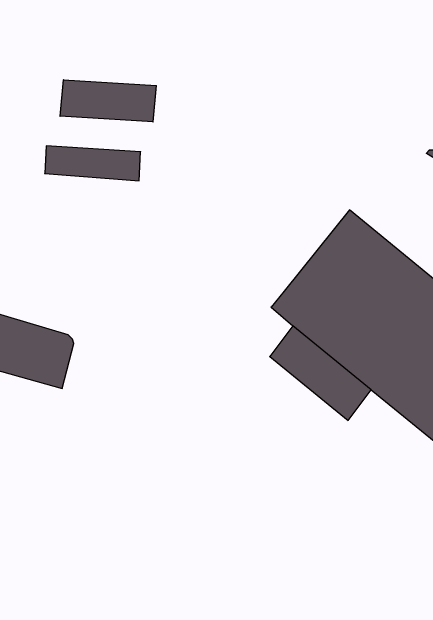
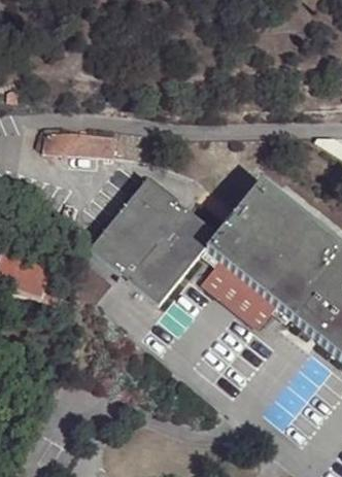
building: [60,80,156,122] -> none
building: none -> [89,178,216,306]

